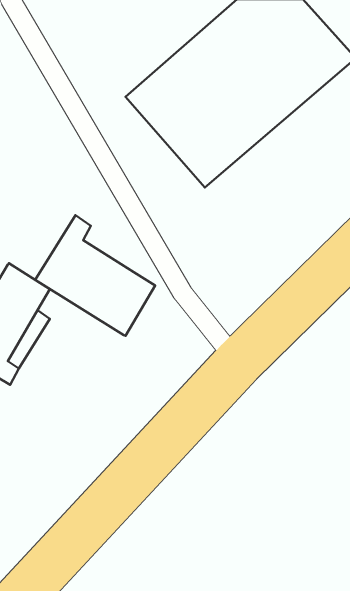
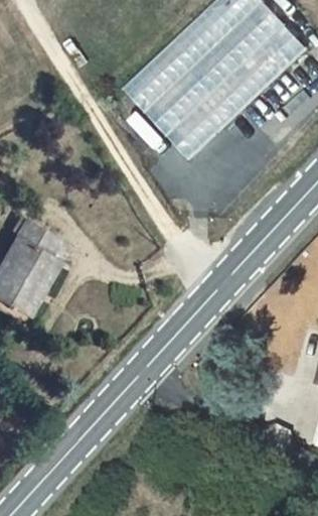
building: [35,215,155,336] -> none

